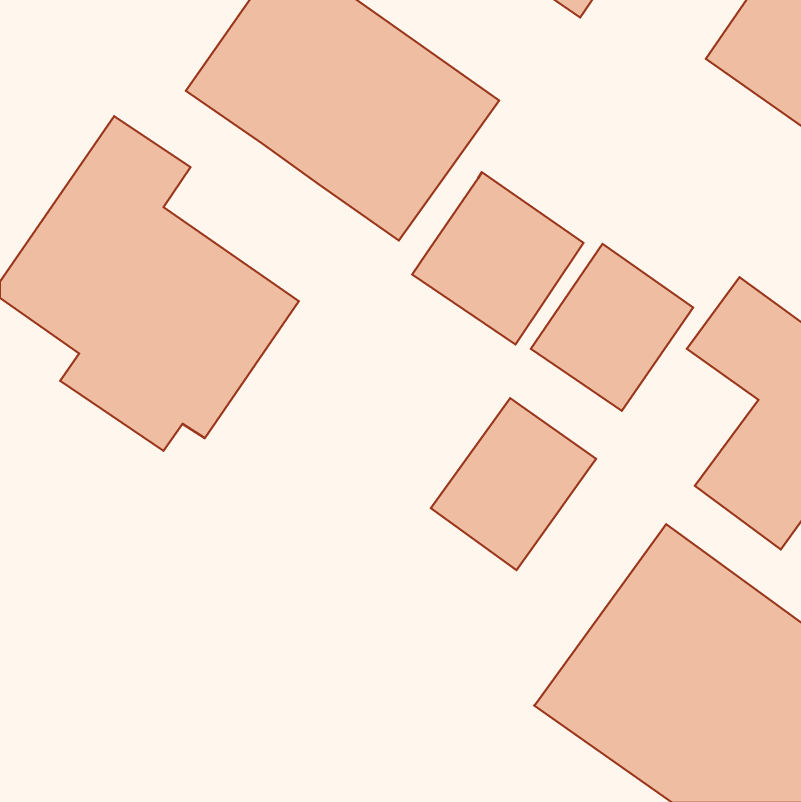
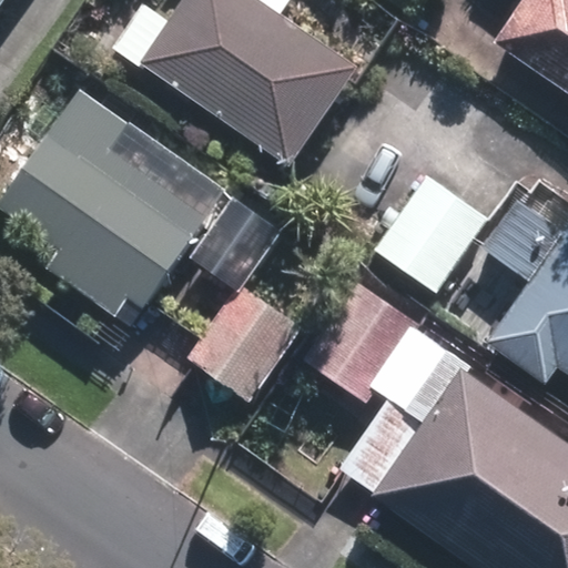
building: [412,172,584,344] -> none
building: none -> [189,283,303,398]
building: none -> [339,327,470,494]

